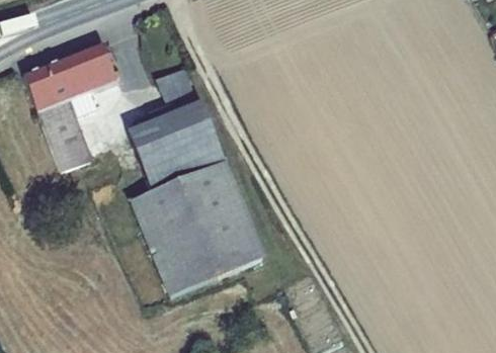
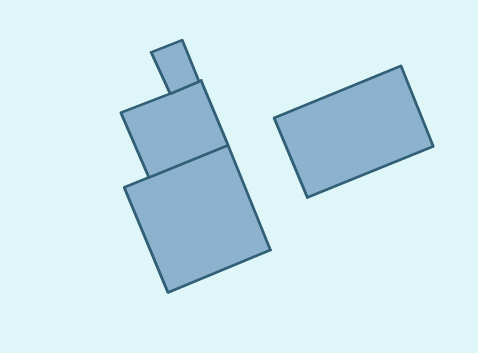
building: [23,42,117,169] -> none
building: none -> [274,66,433,198]

